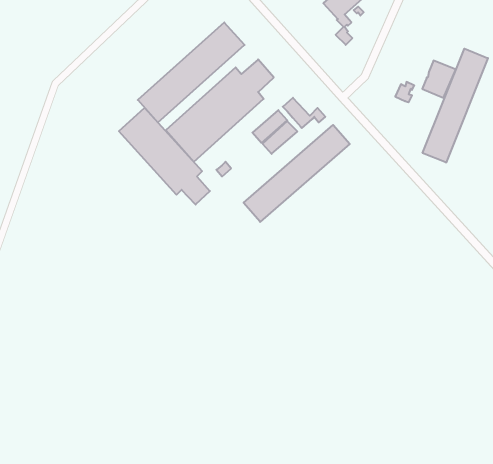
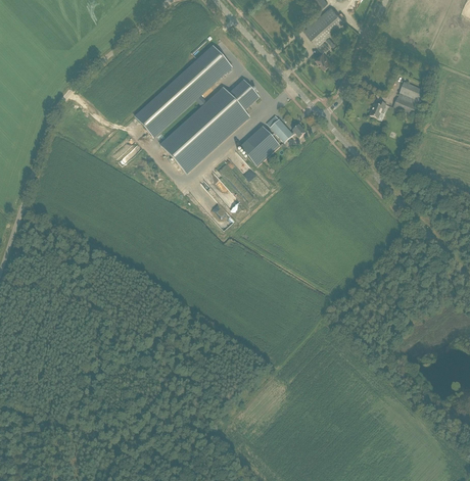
building: [423,49,488,163] -> none
building: [119,108,210,205] -> none
building: [244,125,350,222] -> none

